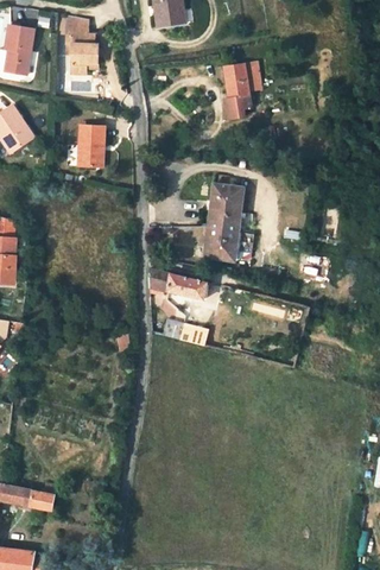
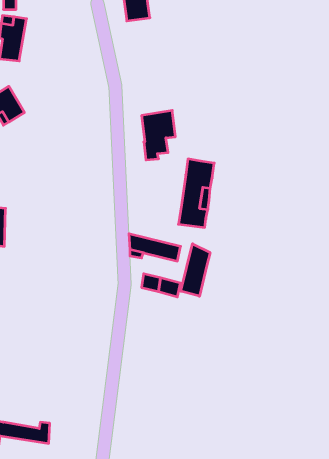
building: [70,31,96,69] -> none
building: [211,69,249,125] -> [142,110,175,160]
building: [80,120,108,163] -> none
building: none -> [181,244,210,296]

